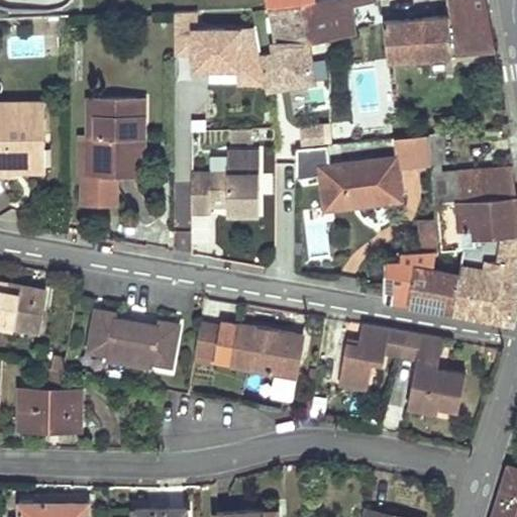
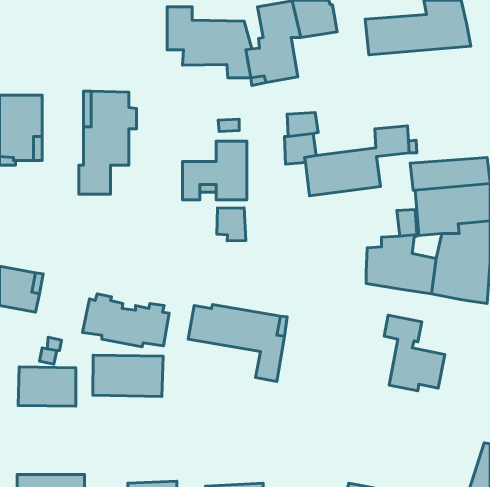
building: none -> [217,208,246,241]
building: [339,326,408,391] -> none
building: none -> [93,355,163,396]

